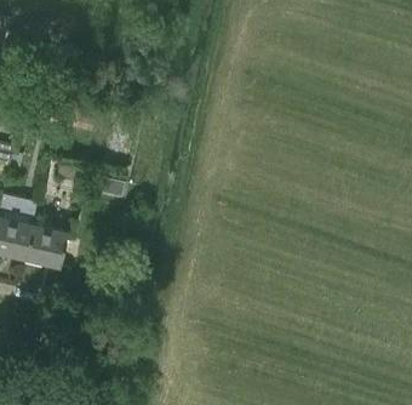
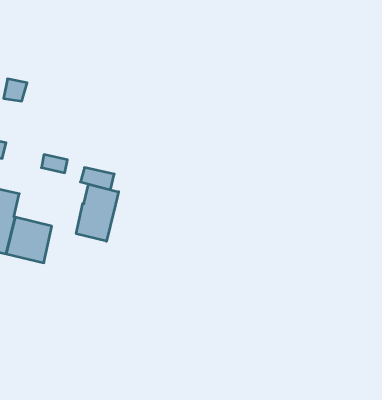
building: none -> [76,184,119,241]

